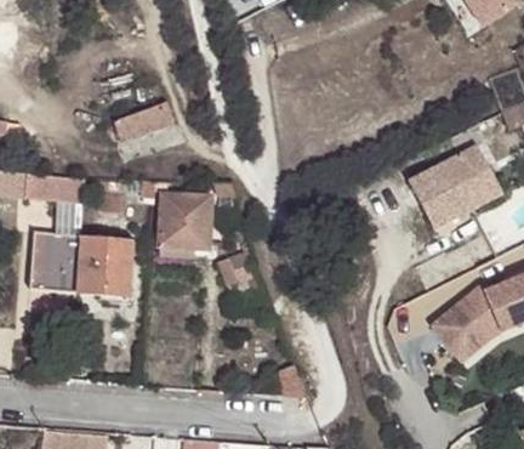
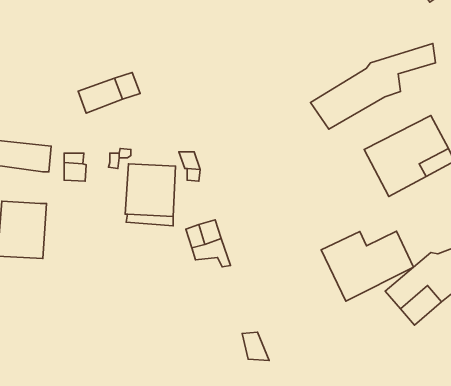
building: none -> [310,44,435,129]
building: [76,235,135,296] -> none
building: none -> [321,231,414,301]

